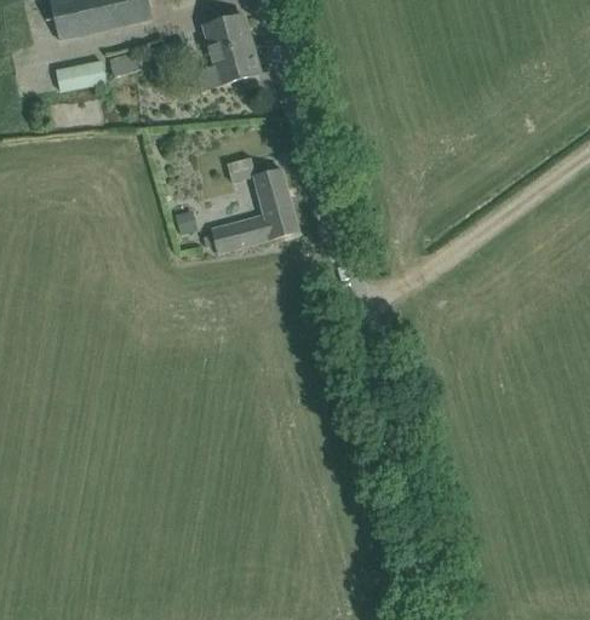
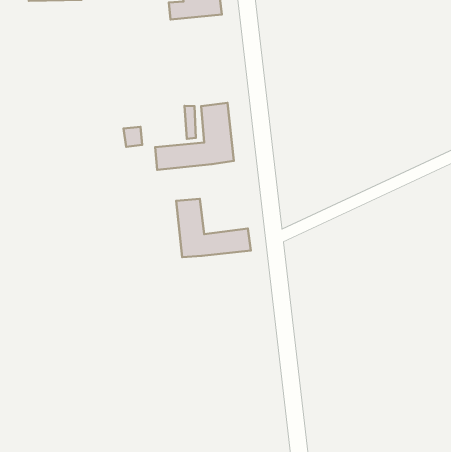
building: none -> [176,199,251,257]

